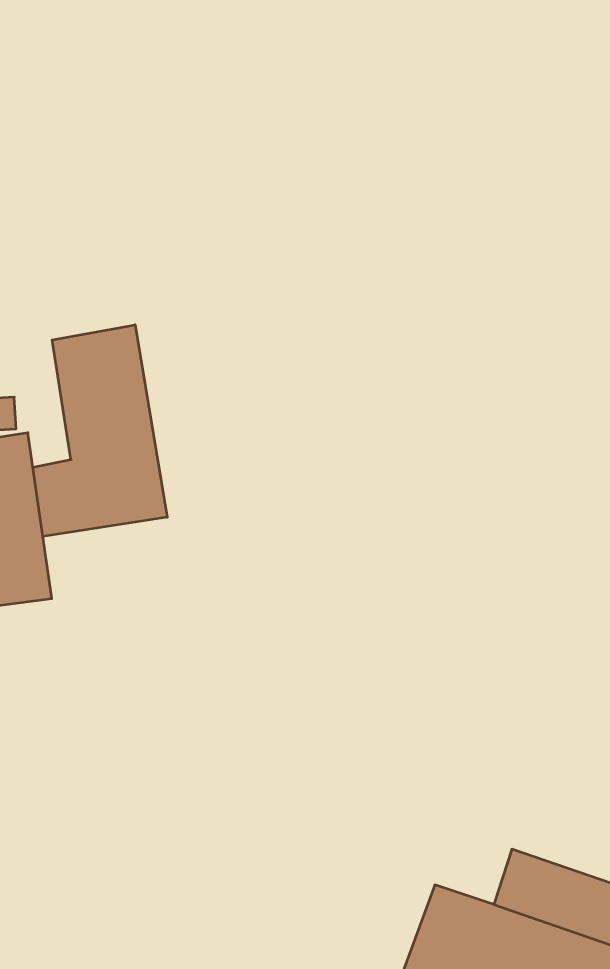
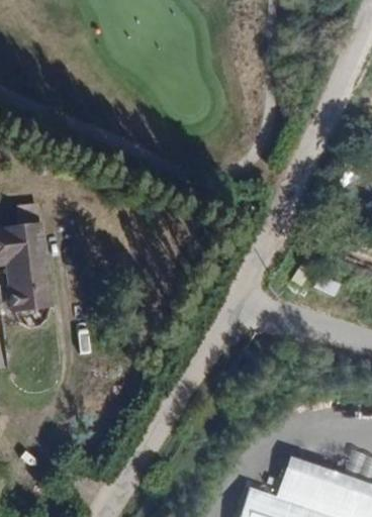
building: [33,325,167,536] -> none

